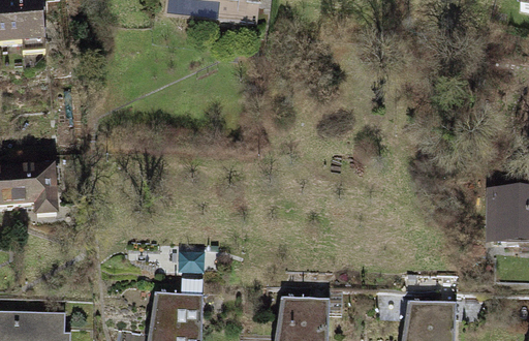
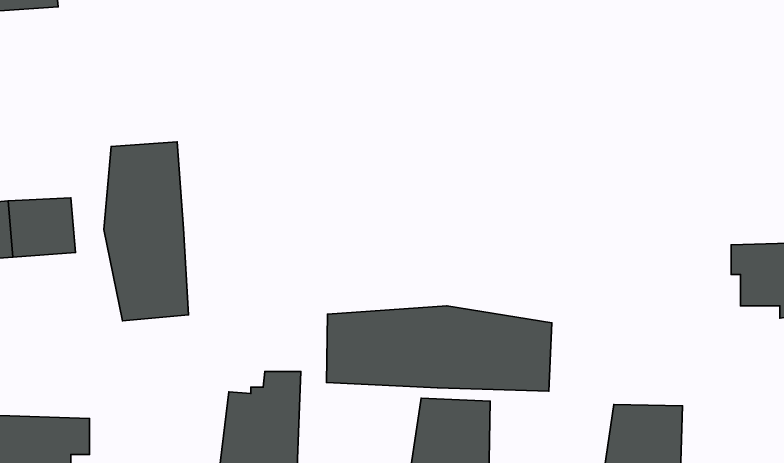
building: none -> [104,142,189,321]
building: none -> [326,306,552,391]

